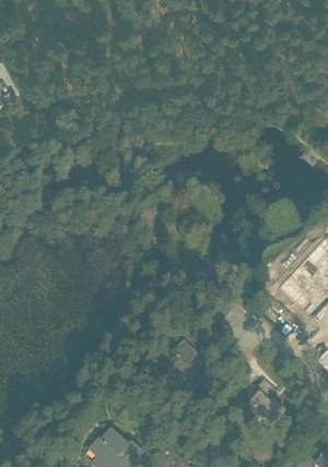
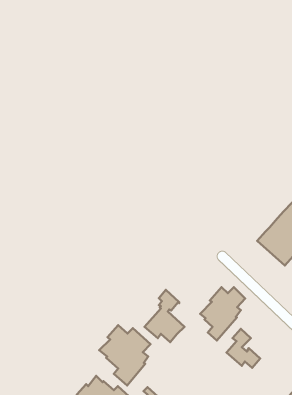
building: none -> [200,287,245,340]
building: none -> [99,325,150,385]

